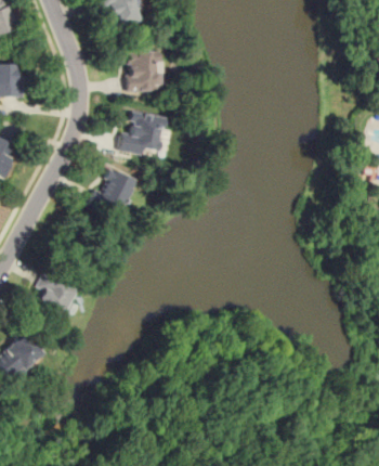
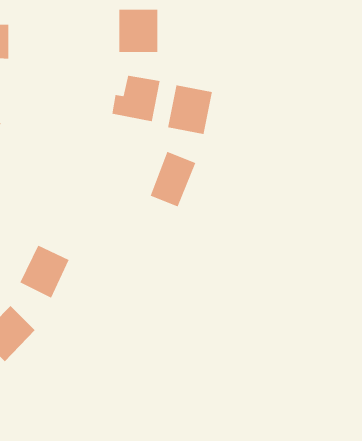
building: none -> [168,84,212,135]
building: [92,168,136,221] -> [150,151,196,207]

